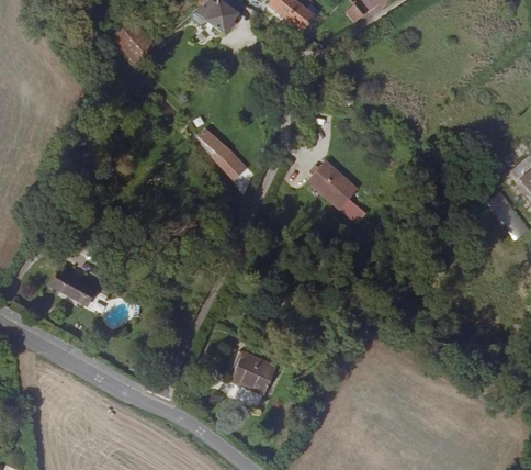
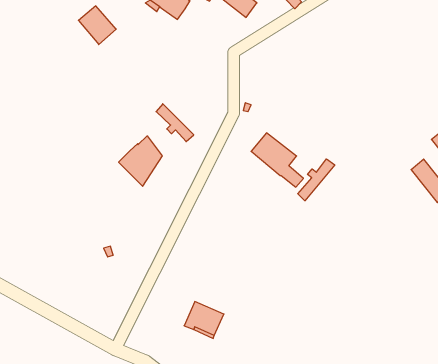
building: none -> [119,136,162,186]
building: none -> [298,159,335,201]
building: [53,267,97,301] -> none

